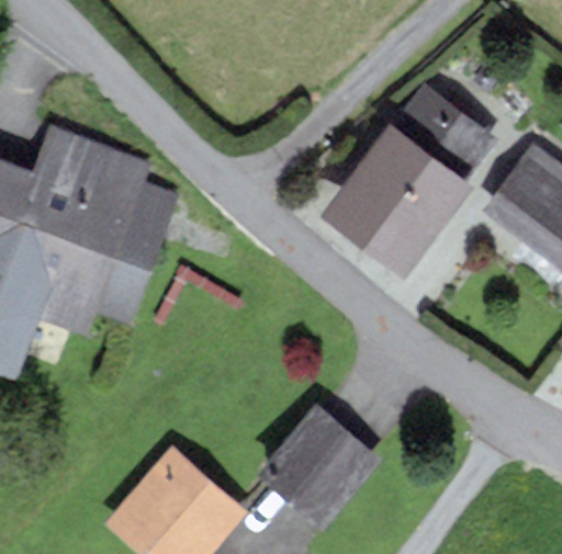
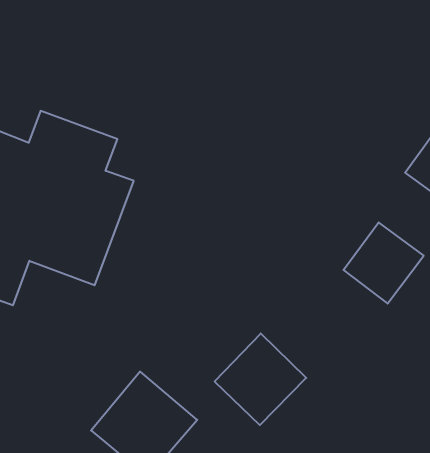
building: [322,83,498,273] -> none
building: none -> [343,222,424,304]

